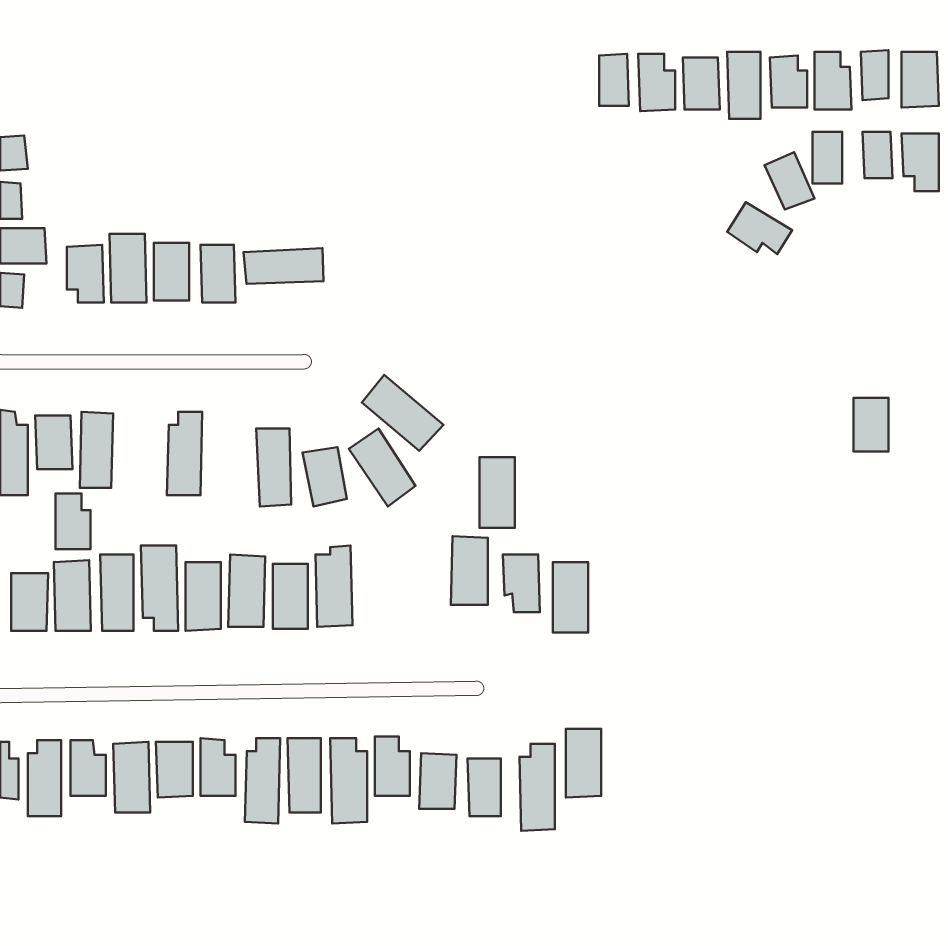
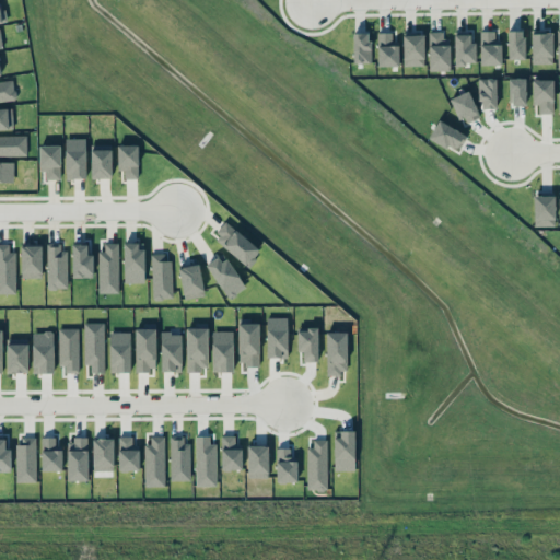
building: [243,248,323,284] -> none
building: [853,398,889,452] -> [534,196,555,228]
building: none -> [124,243,143,283]
building: [480,457,515,528] -> [238,324,259,365]
building: [55,493,91,549] -> [72,245,93,278]
building: none -> [211,331,233,372]

